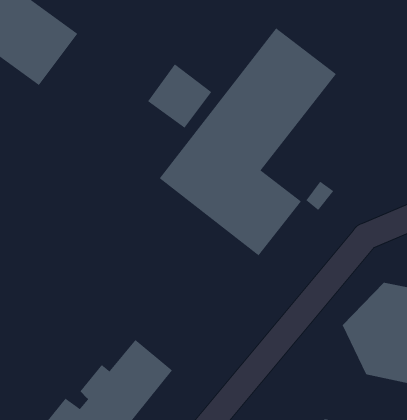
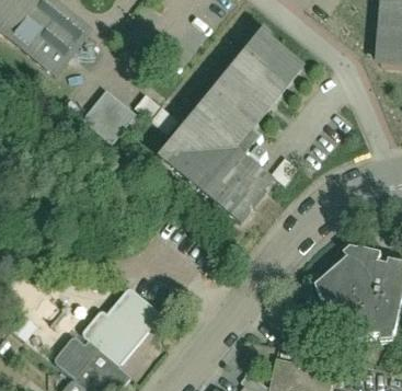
building: [147,63,212,128] -> [84,93,139,148]

